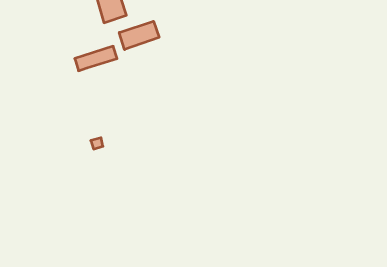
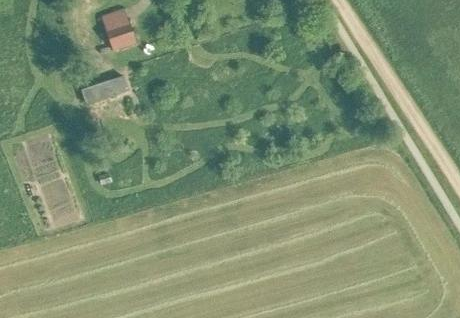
building: [119,21,159,50] -> none

